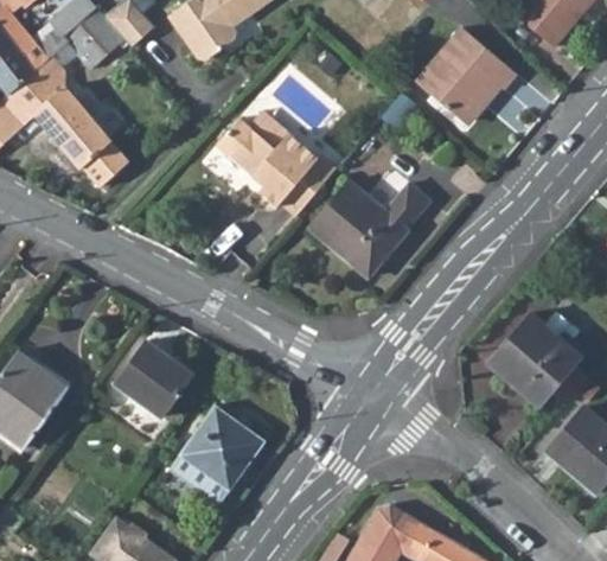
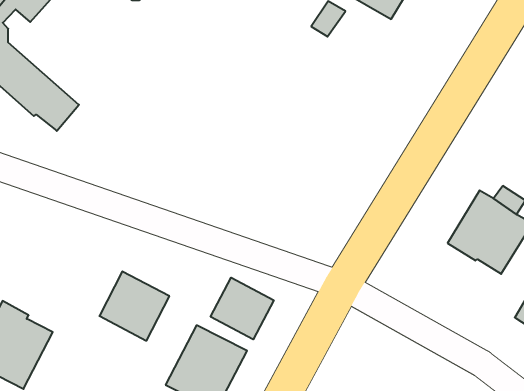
building: [218,119,337,215] -> none
building: [311,178,432,273] -> none
building: none -> [211,278,274,339]

